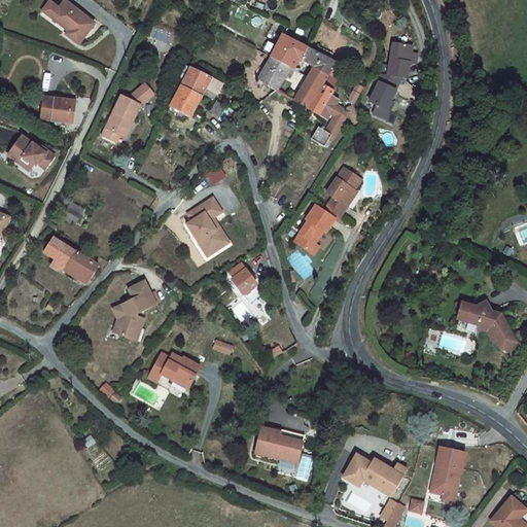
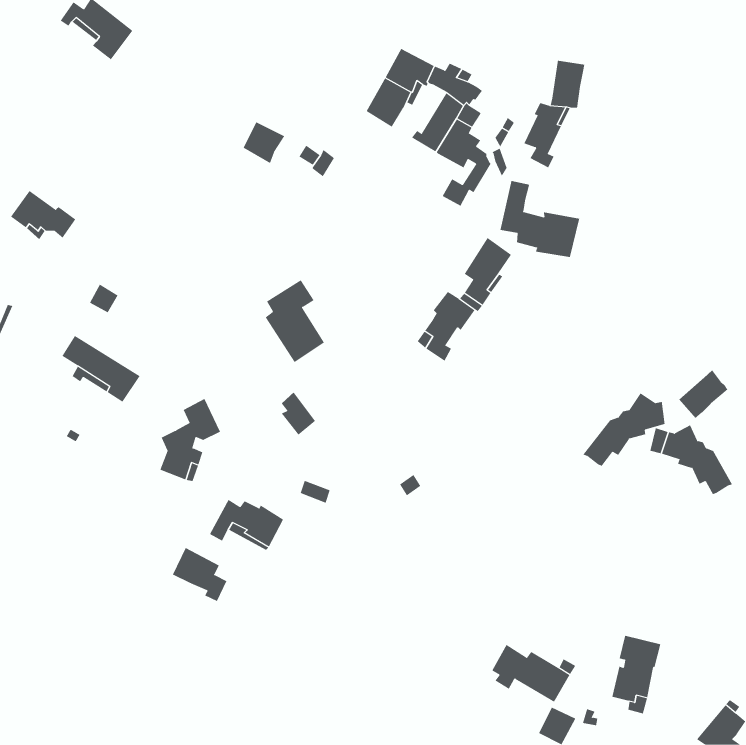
building: [175,65,221,96] -> none
building: [102,82,153,140] -> none
building: [40,95,75,120] -> none
building: none -> [500,180,580,258]
building: none -> [678,369,728,419]
building: [231,262,255,293] -> [281,392,316,436]
building: none -> [582,393,665,466]
building: none -> [172,547,227,602]
building: [254,425,303,462] -> none

